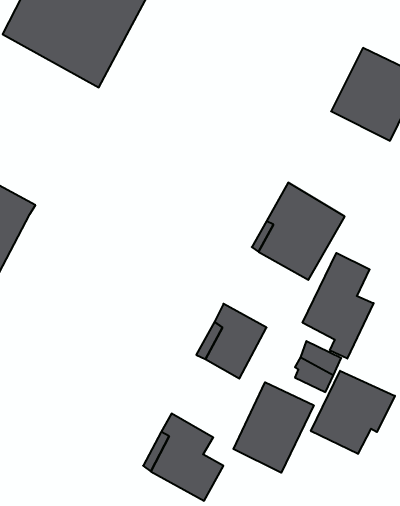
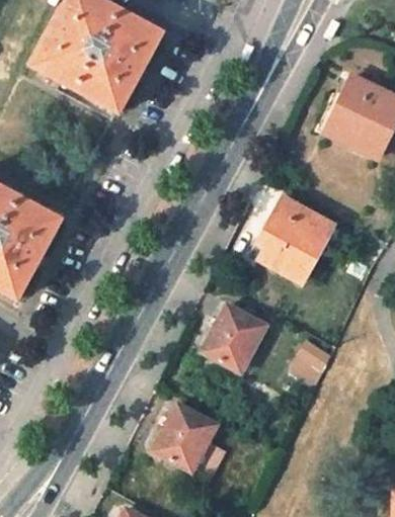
building: [303,253,374,359] -> none
building: [311,371,395,454] -> none
building: [233,382,314,473] -> none

